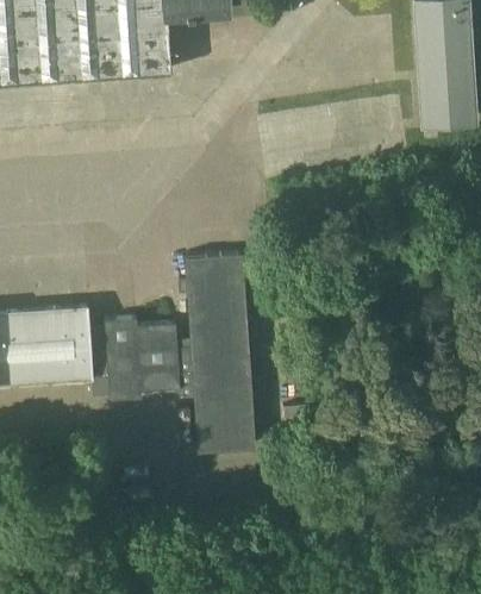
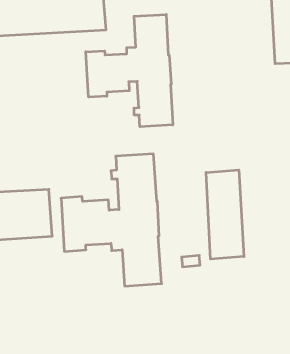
building: none -> [86,14,173,127]
building: none -> [206,170,244,259]

